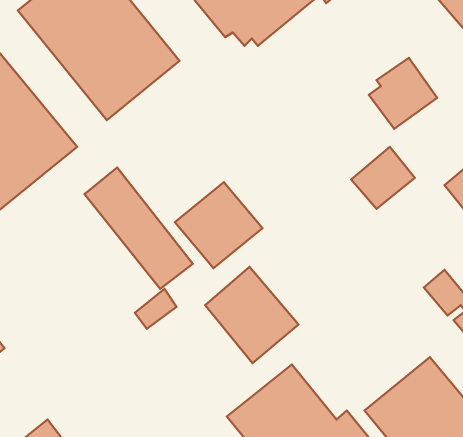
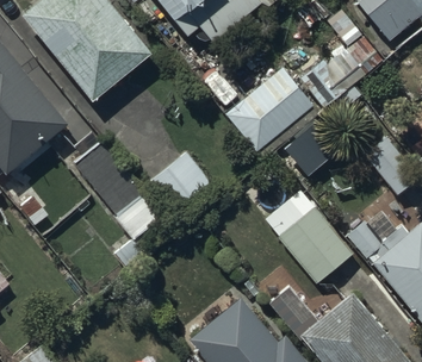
building: none -> [224,68,321,161]
building: [205,267,298,363] -> [279,207,354,285]

